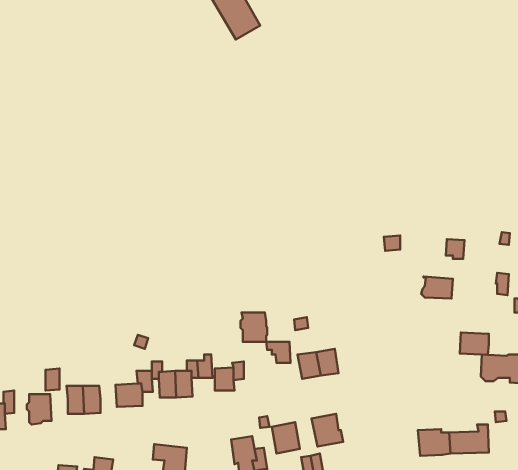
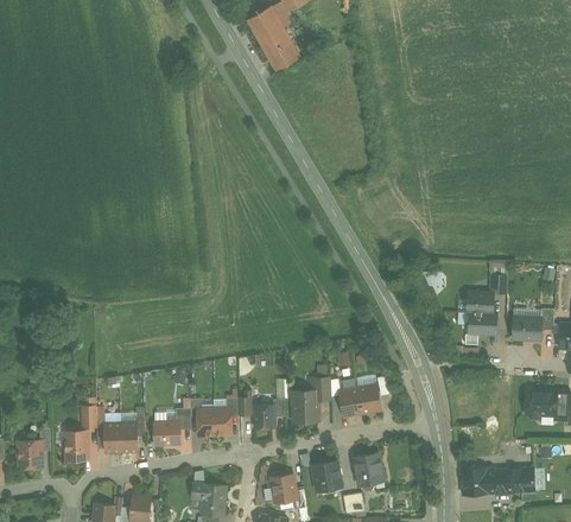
building: none -> [467,291,496,313]
building: [240,313,267,342] -> [291,390,318,420]
building: [460,333,489,355] -> [512,317,541,339]

